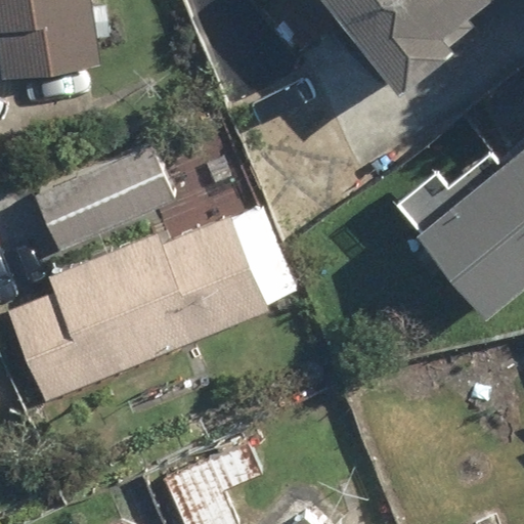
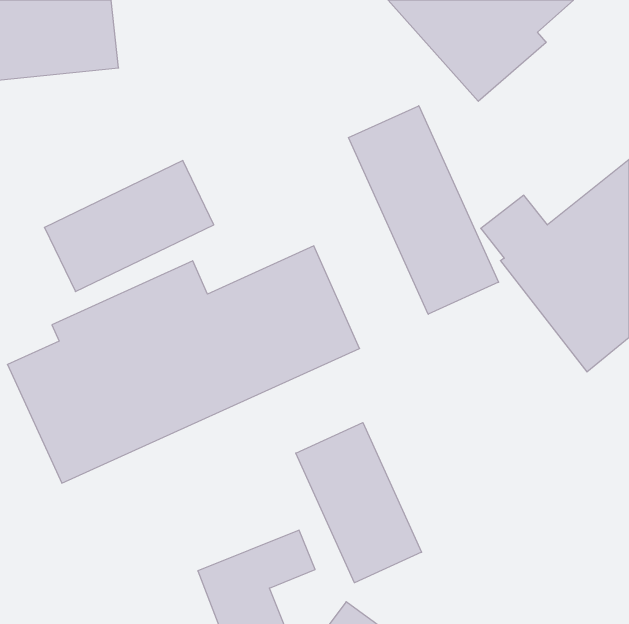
building: none -> [348,106,499,314]
building: none -> [296,423,422,583]

